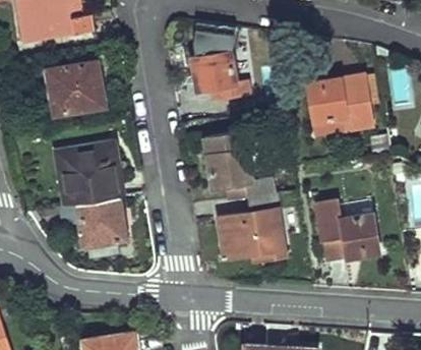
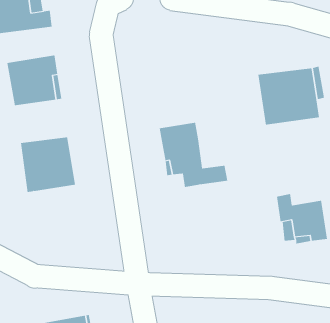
building: [192,22,248,99] -> none
building: [219,193,286,258] -> none
building: [74,197,125,246] -> none

